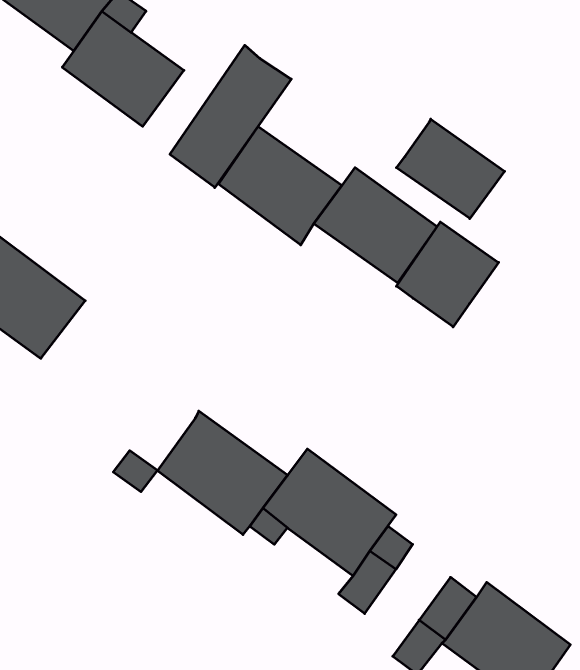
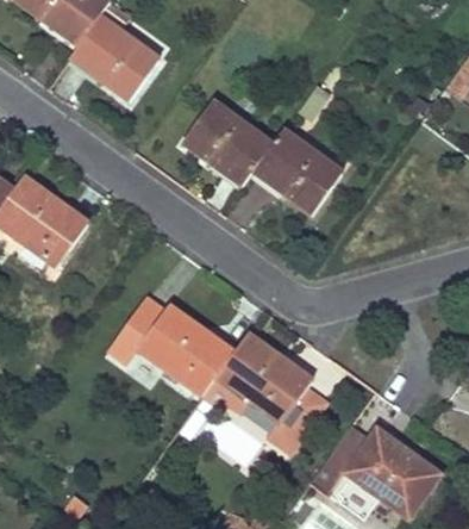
building: [170,45,291,188] -> none
building: [396,119,505,219] -> none
building: [396,222,499,327] -> none
building: none -> [119,295,167,348]

